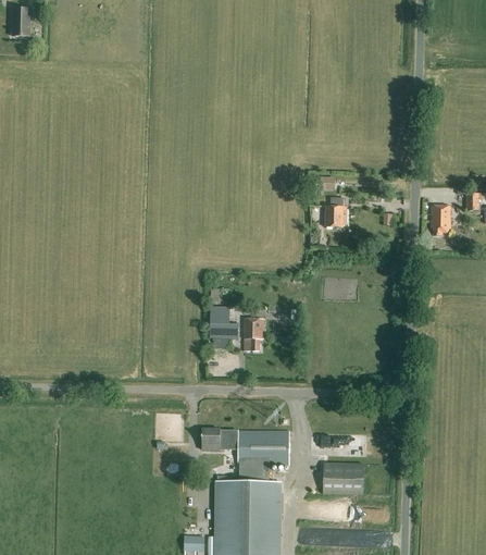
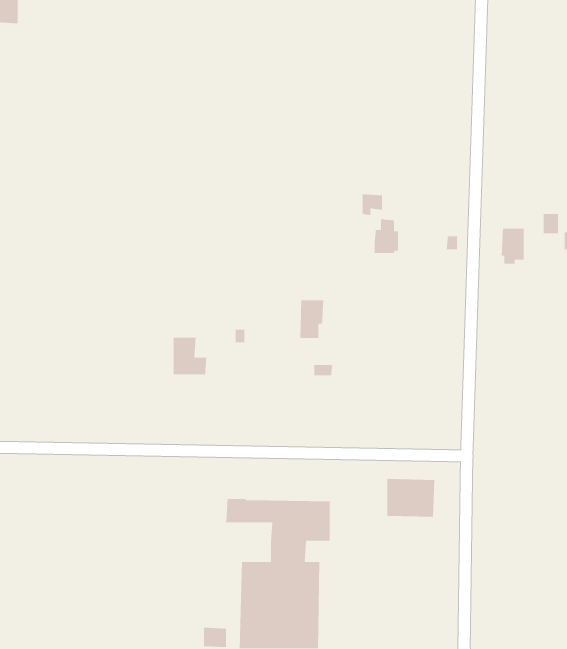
building: [210,307,238,338] -> [173,337,207,375]
building: [244,318,264,350] -> [299,300,324,339]
building: [324,462,364,495] -> [387,478,435,518]

